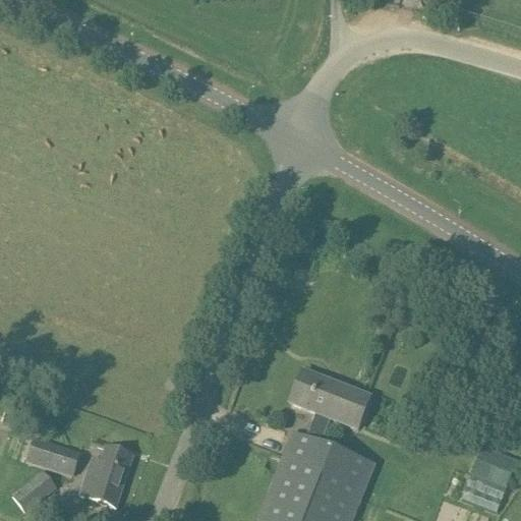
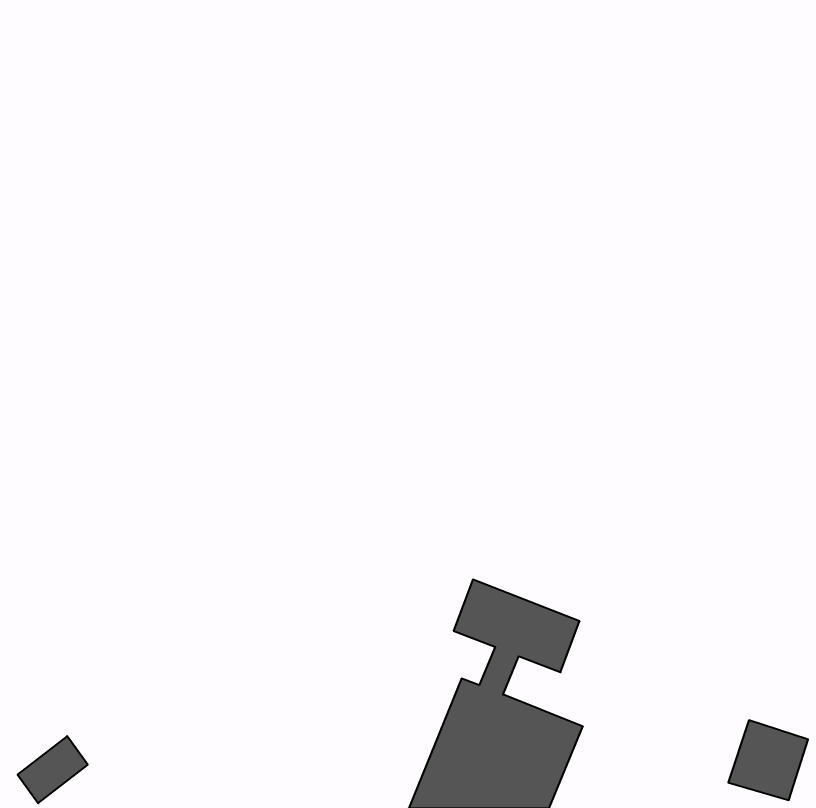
building: [25,437,80,477] -> none
building: [79,445,133,507] -> none

